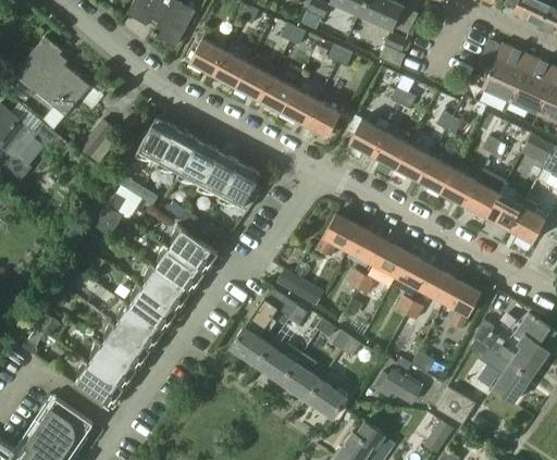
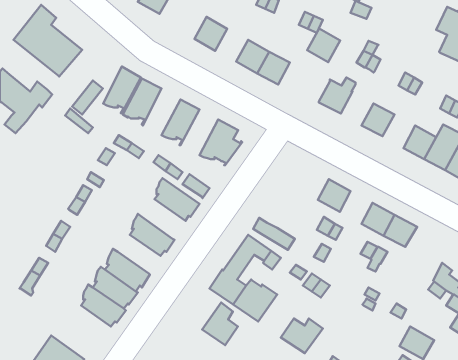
building: [189,37,226,74] -> none
building: [236,63,272,99] -> none
building: [305,100,341,137] -> [307,28,340,62]
building: [157,128,198,179] -> [103,67,141,113]
building: [373,132,409,169] -> none
building: [198,151,239,201] -> none
building: [419,157,455,194] -> none
building: [317,214,360,257] -> none
building: [372,240,408,276] -> none
building: [156,246,205,293] -> none
building: [444,279,481,327] -> none
building: [129,285,178,331] -> none
building: [283,353,322,400] -> [202,302,238,345]
building: [75,361,124,410] -> none
building: [373,369,422,403] -> none

